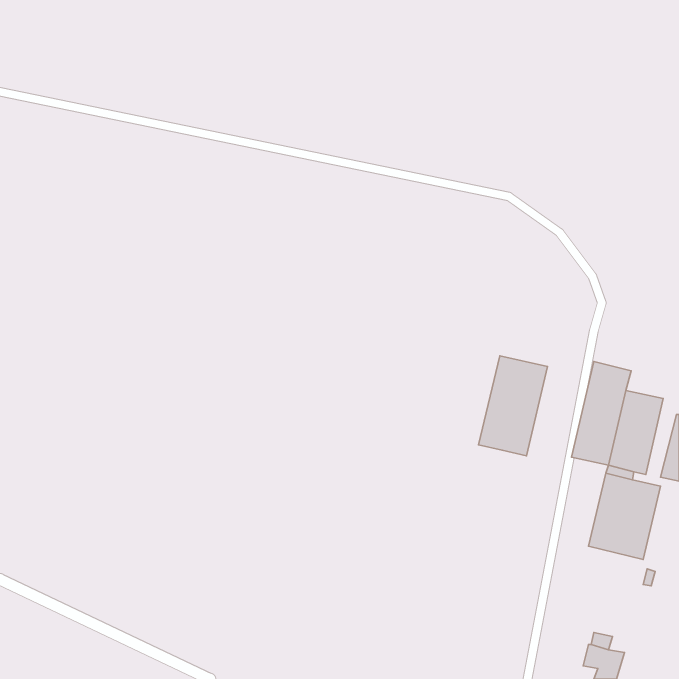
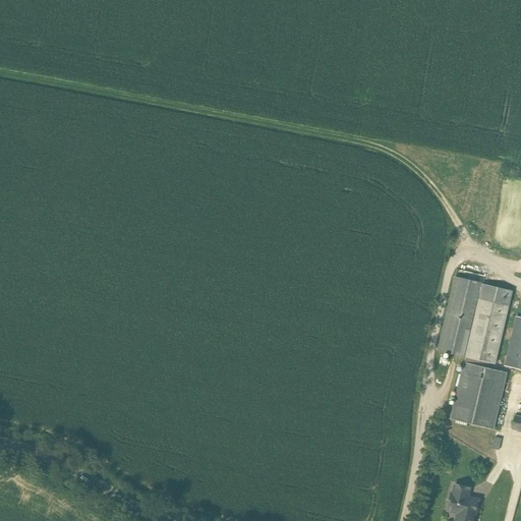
building: [479,356,548,456] -> none
building: none -> [479,284,511,305]

